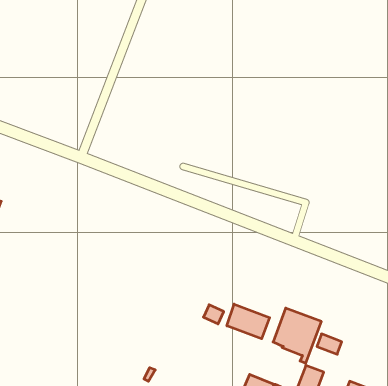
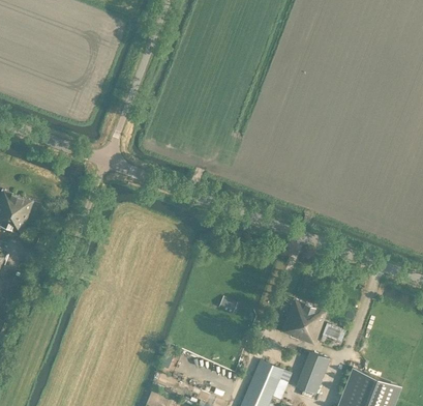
building: [227,304,270,339] -> none

